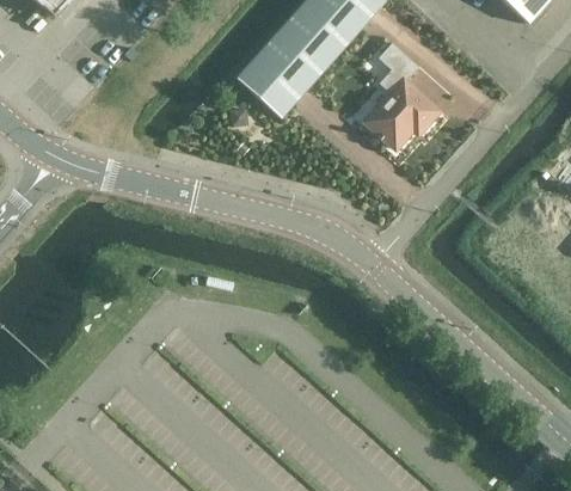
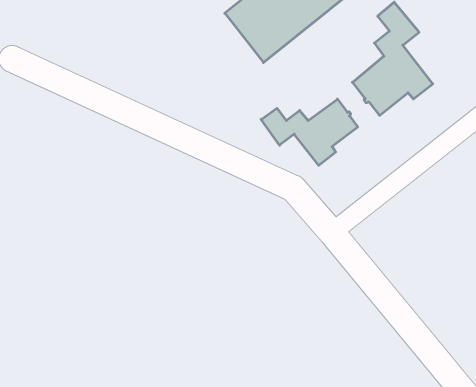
building: none -> [261,99,358,165]

